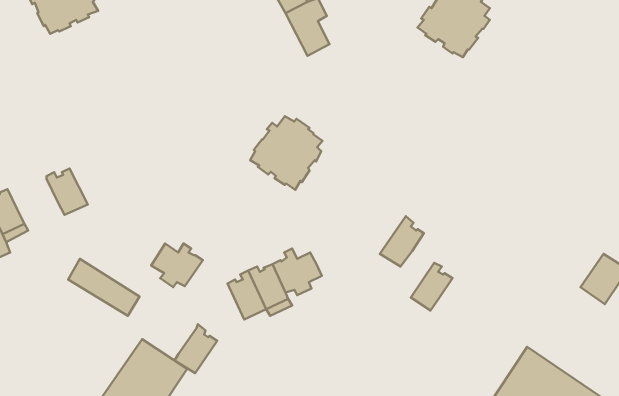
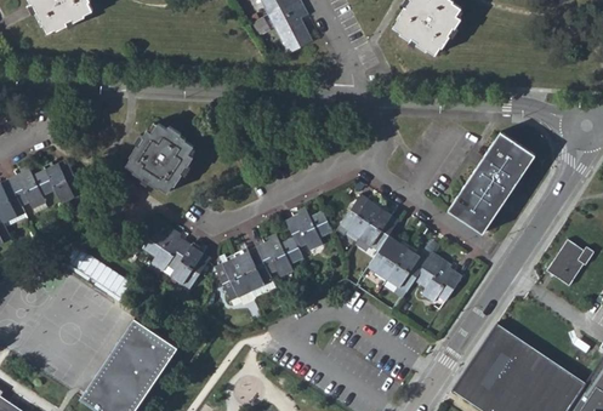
building: [250,116,322,190] -> [126,124,194,193]
building: none -> [448,132,535,233]
building: none -> [8,166,56,209]
building: none -> [340,194,382,239]
building: none -> [285,207,332,251]
building: none -> [368,236,409,280]
building: none -> [414,261,462,303]
building: [175,324,217,373] -> [171,241,211,287]

